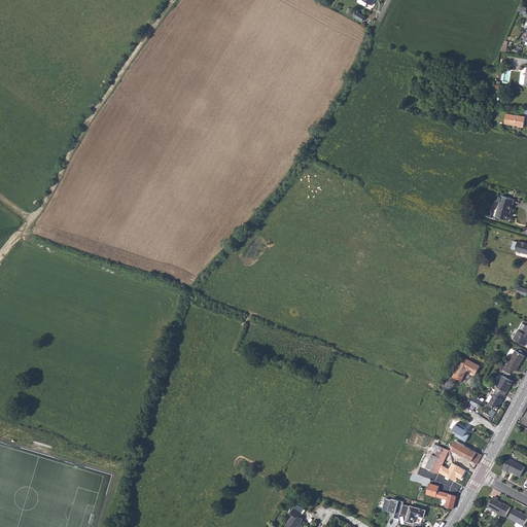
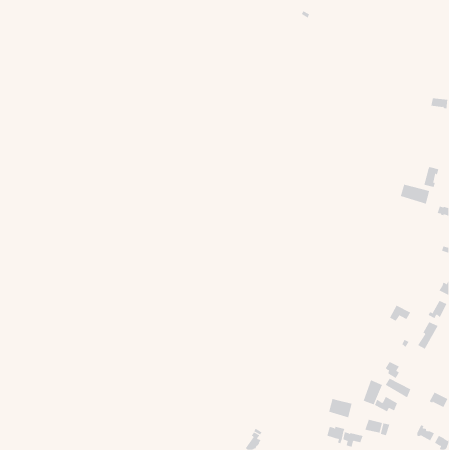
building: none -> [400,184,430,205]
building: none -> [328,398,352,418]

